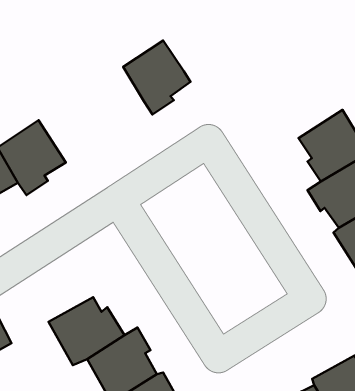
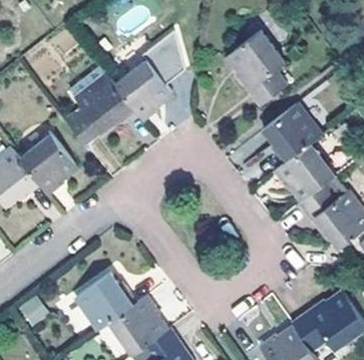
building: none -> [142,31,185,84]
building: none -> [228,30,288,105]
building: none -> [64,66,135,145]

